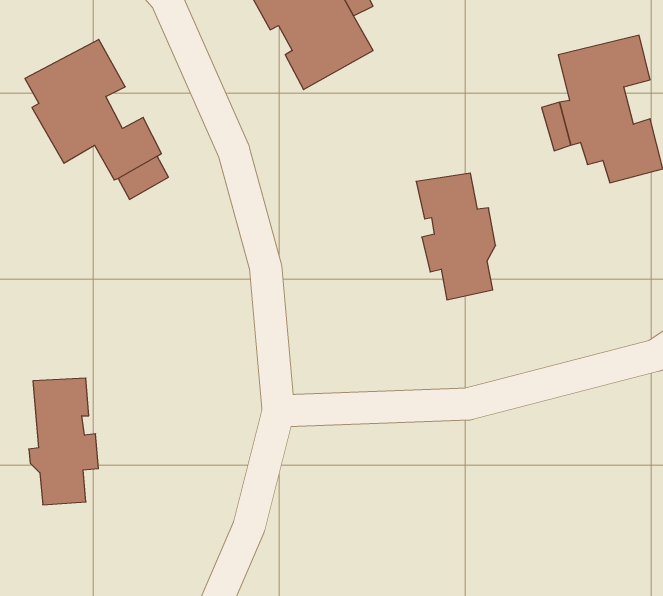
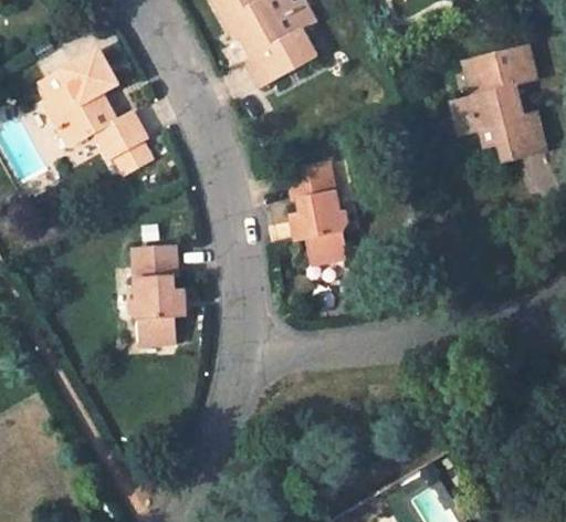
building: [416,173,496,300] -> [285,164,348,264]
building: [29,378,98,505] -> [129,246,185,346]

